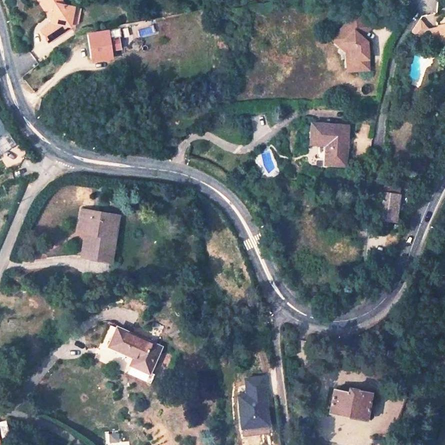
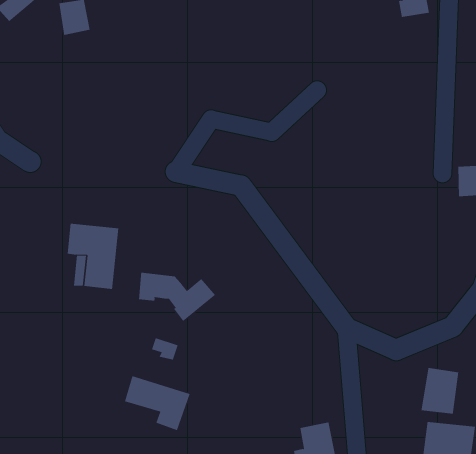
building: [312,126,348,169] -> none
building: none -> [139,272,216,322]
building: none -> [421,367,459,415]

